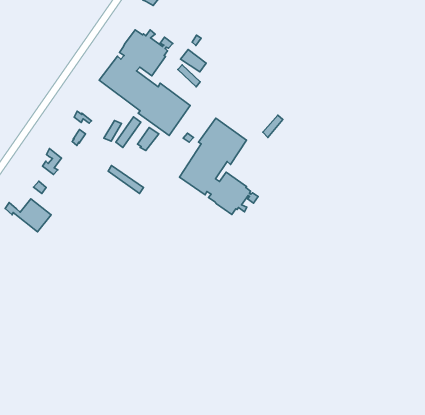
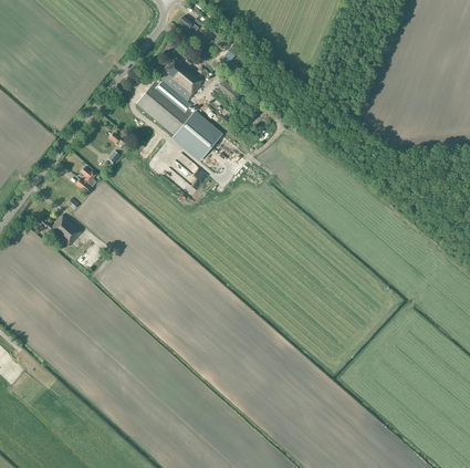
building: [179,118,258,214] -> none

